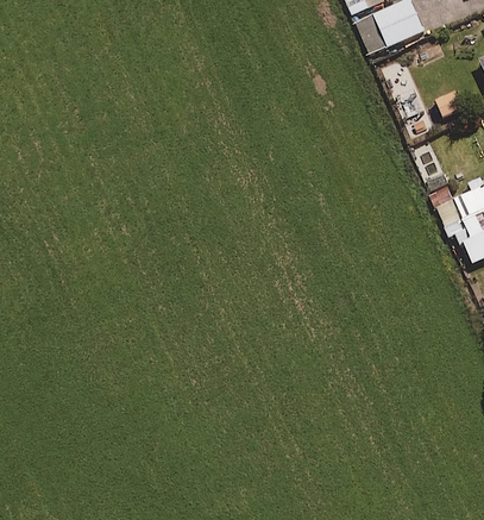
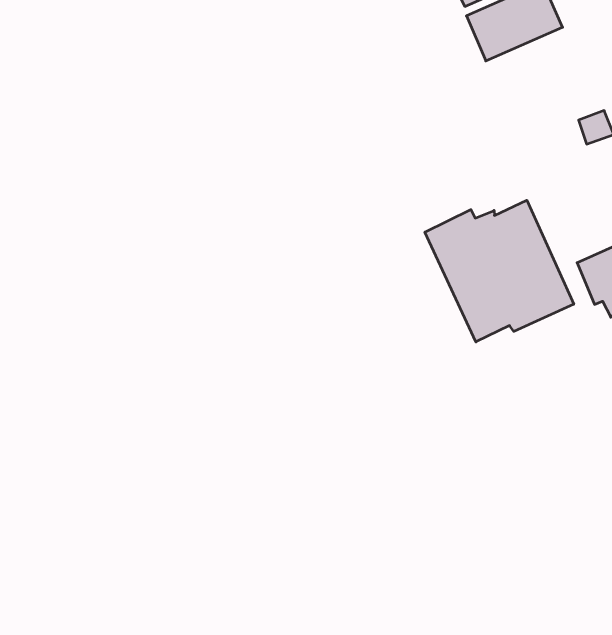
building: none -> [425,200,574,342]

